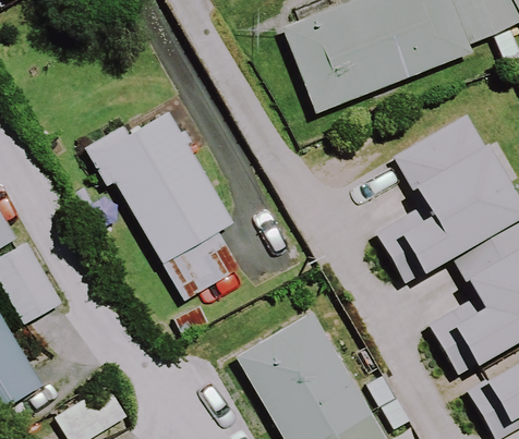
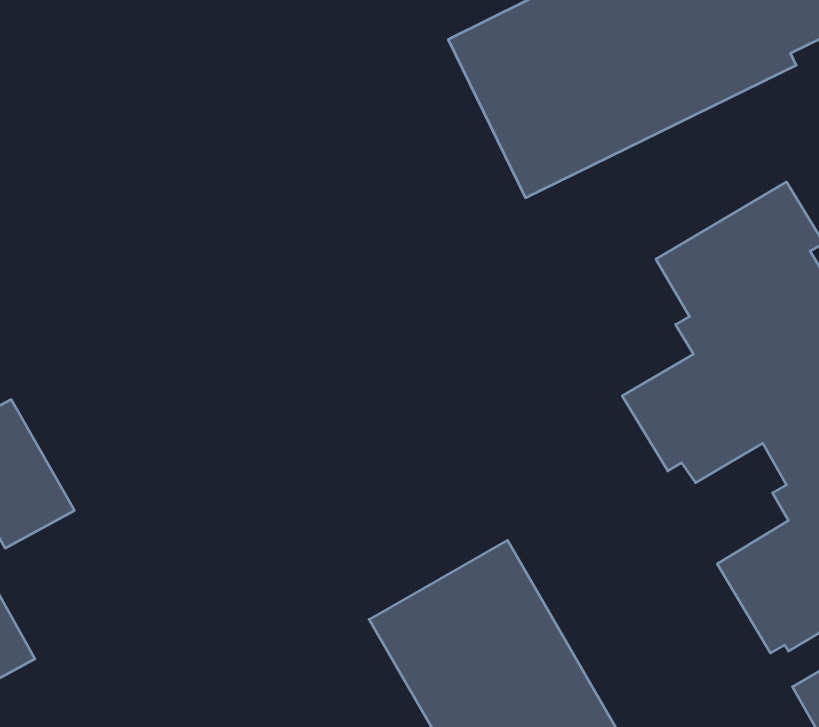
building: [94,105,250,294] -> none

